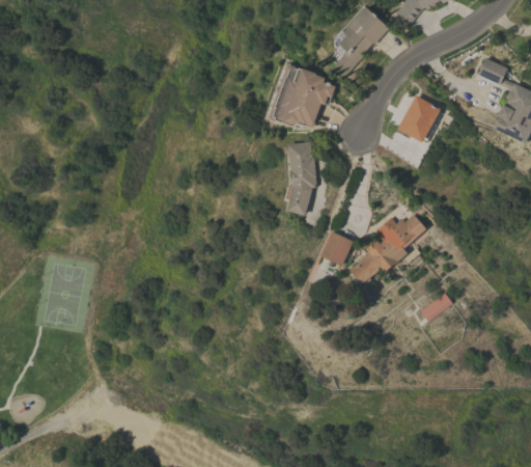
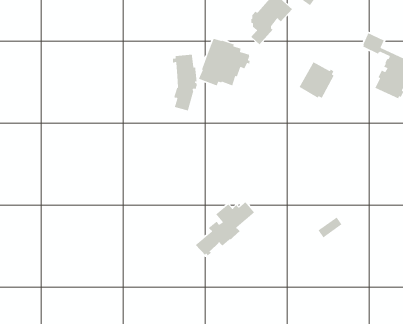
building: [284,141,316,215] -> [172,54,198,112]
building: [348,214,425,284] -> [195,201,255,256]
building: [319,230,353,266] -> none

